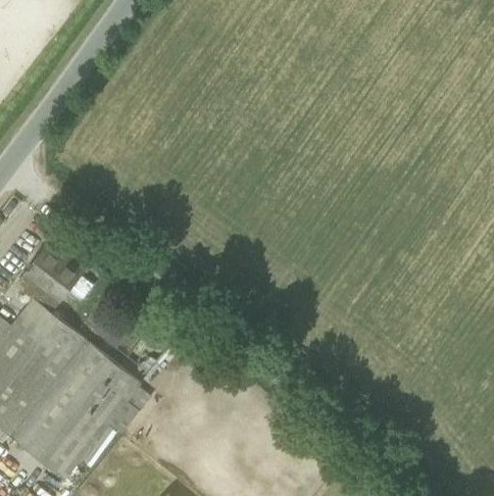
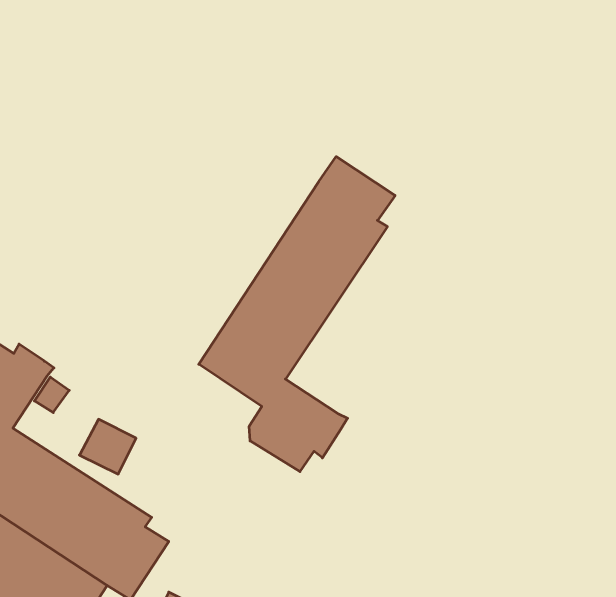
building: none -> [199,157,395,472]

